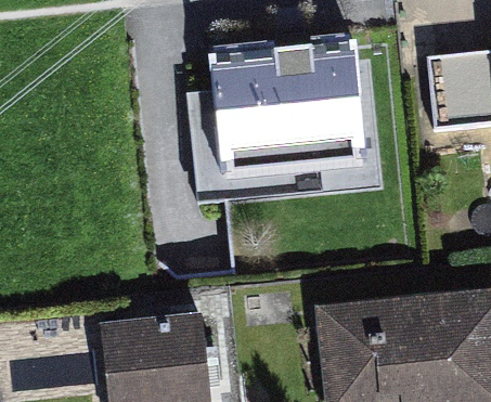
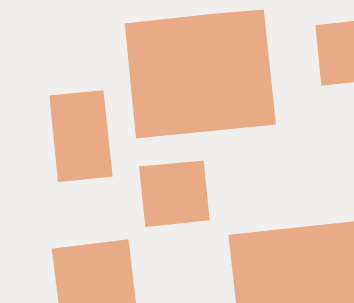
building: none -> [49,90,113,183]
building: none -> [139,160,210,228]

